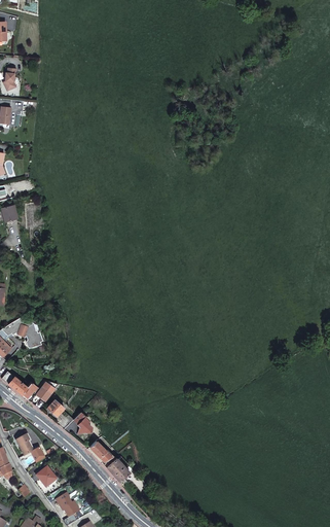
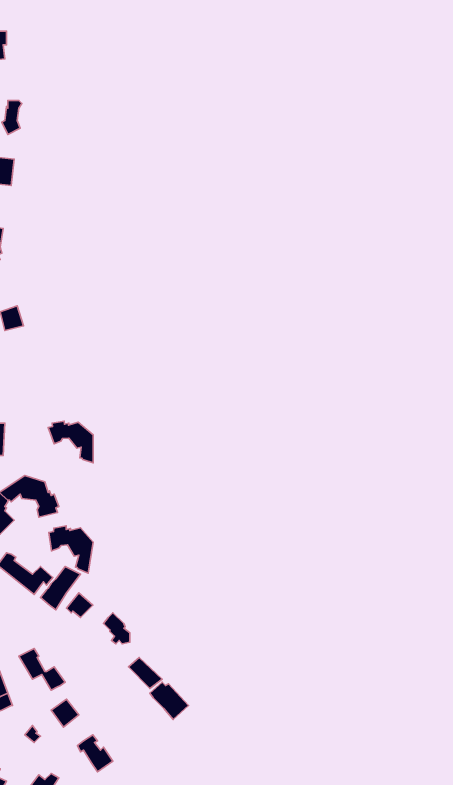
building: none -> [48,421,93,463]
building: none -> [49,526,93,573]

